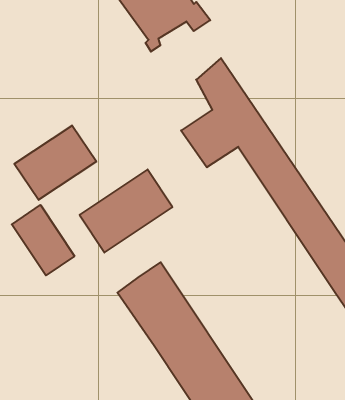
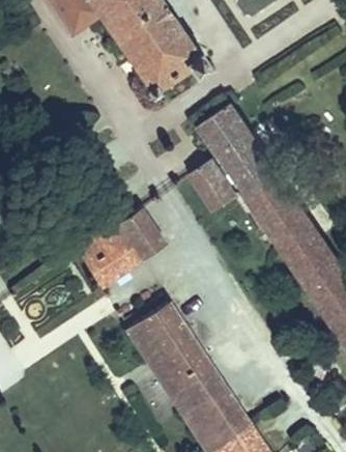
building: [14,125,96,200] -> none
building: [12,205,74,275] -> none

